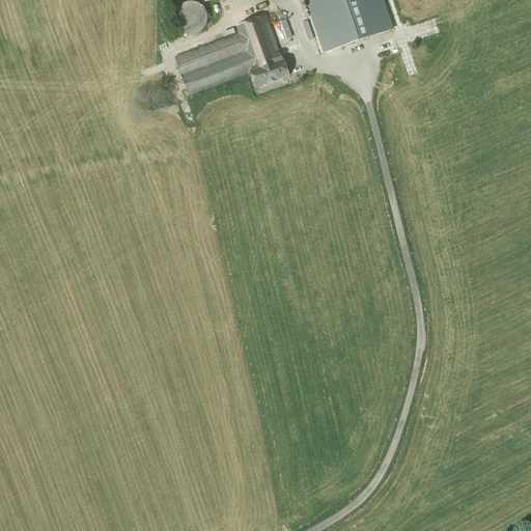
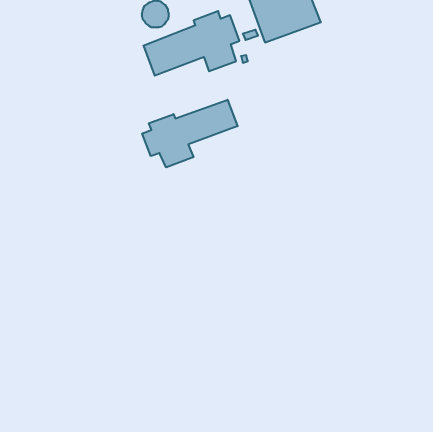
building: none -> [142,100,238,167]

